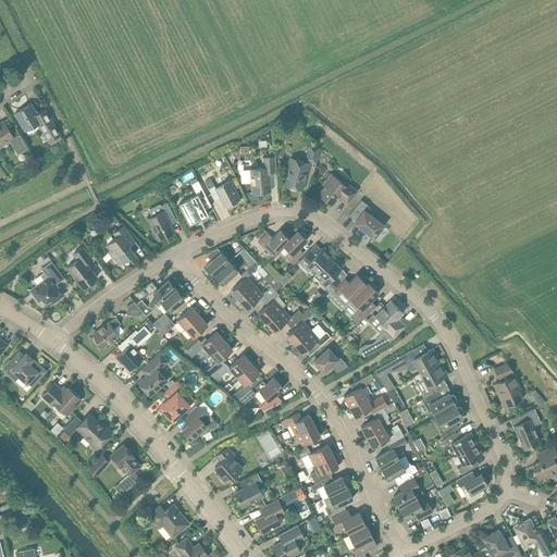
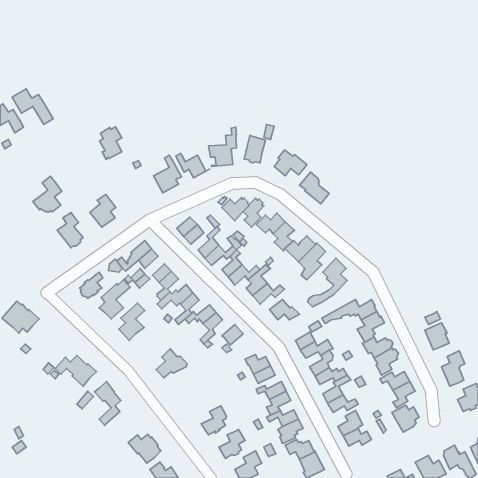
building: [148,202,174,240] -> [99,127,122,159]
building: [30,261,64,302] -> [33,176,62,212]
building: [160,382,189,420] -> none
building: [41,383,82,416] -> none
building: [214,447,240,483] -> none

